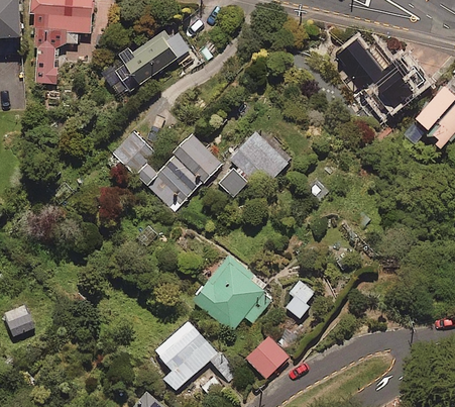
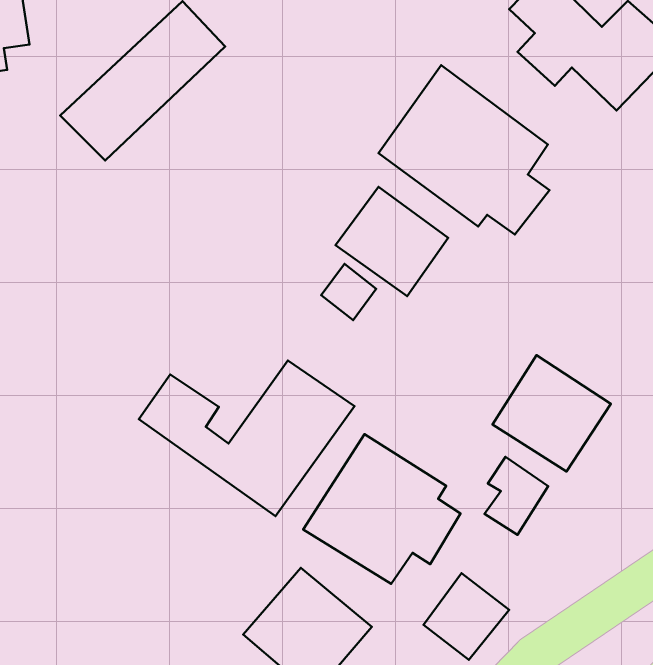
building: none -> [378,65,550,235]
building: [113,131,223,211] -> [139,361,355,516]
building: none -> [493,355,611,471]

